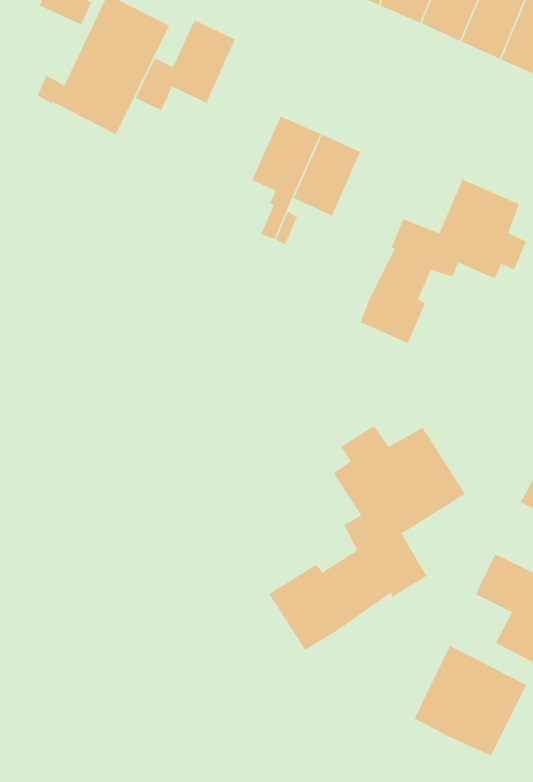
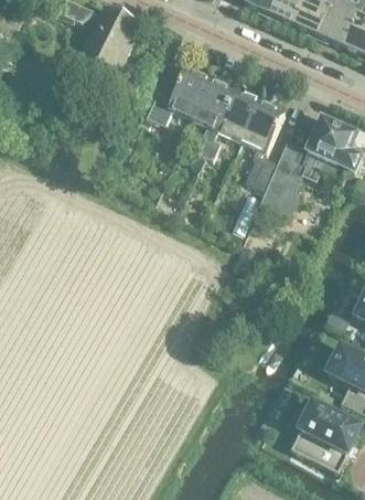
building: [135,19,236,111] -> [147,65,208,121]
building: none -> [240,99,282,188]
building: [268,425,466,651] -> none

